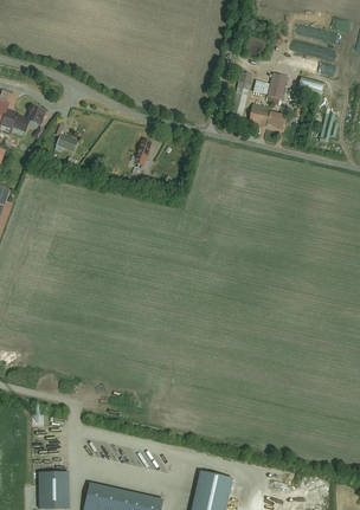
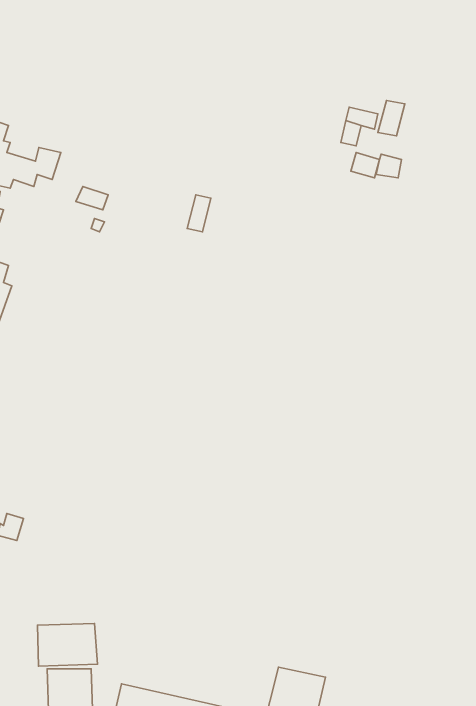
building: none -> [37,623,97,666]

